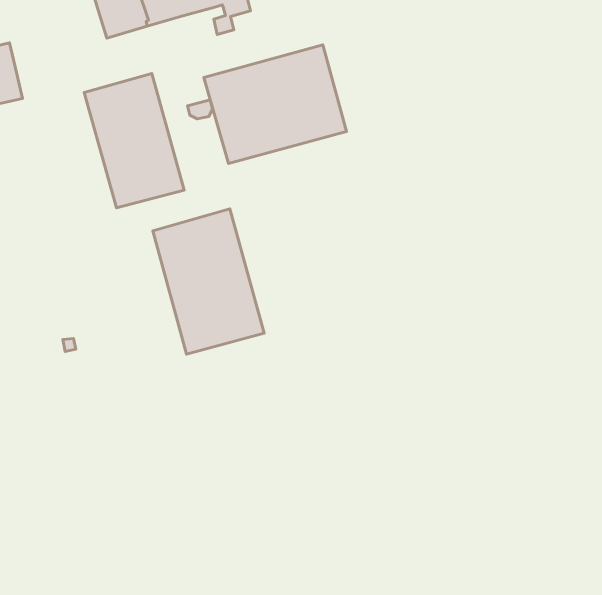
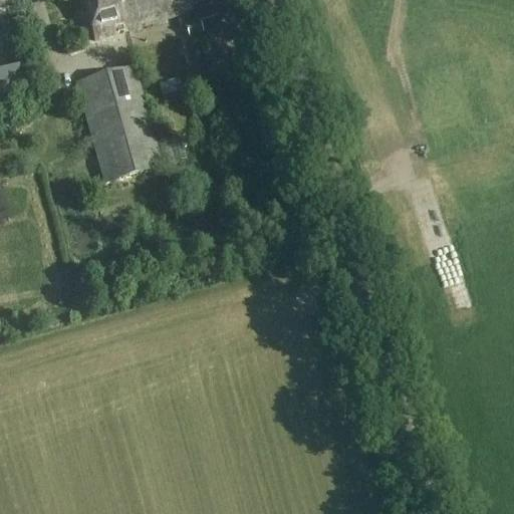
building: [204,45,346,164] -> none
building: [153,209,264,354] -> none

